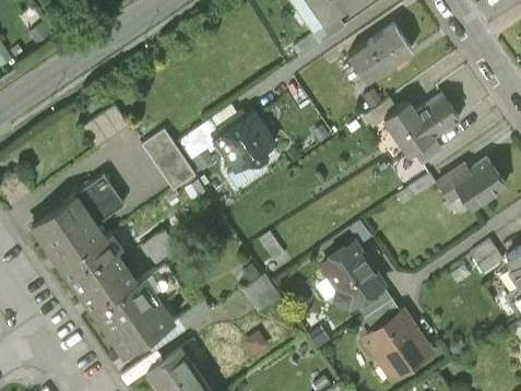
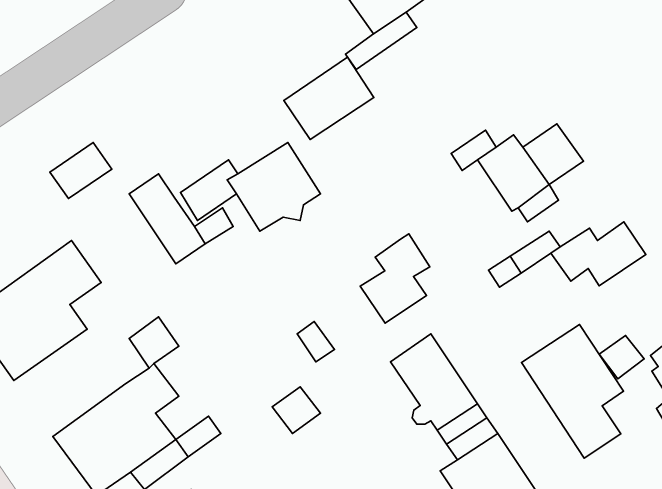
building: [350,24,413,82] -> [284,57,374,139]
building: none -> [360,234,430,323]
building: [60,235,139,313] -> none
building: none -> [522,325,624,458]

